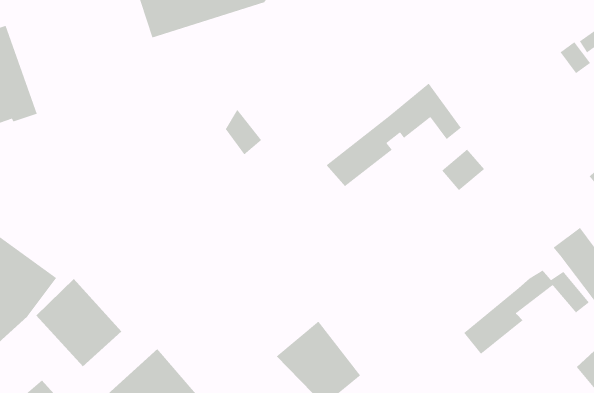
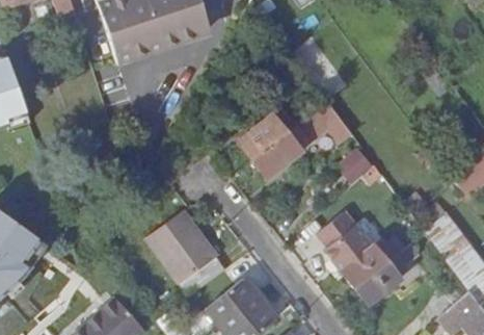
building: none -> [235,111,297,160]
building: none -> [147,211,225,290]
building: none -> [320,211,395,287]
building: [35,278,122,367] -> none

